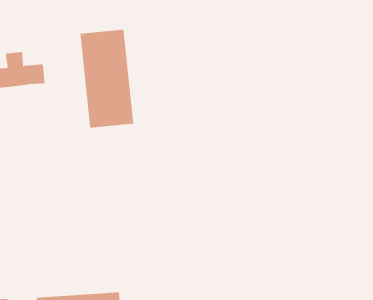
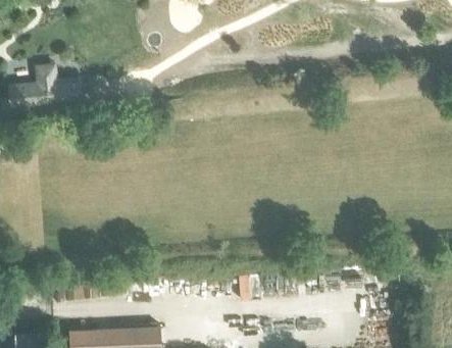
building: [80,29,134,128] -> none

